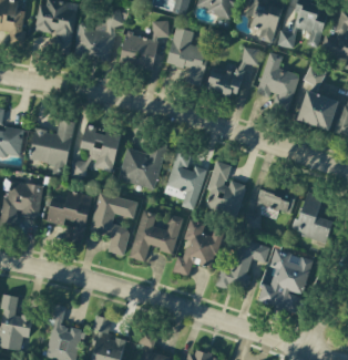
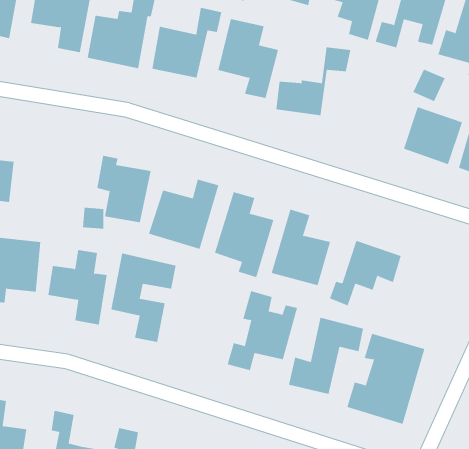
building: [256,51,299,107] -> none
building: [30,119,74,174] -> none
building: [294,191,332,243] -> none
building: [130,209,183,260] -> none

